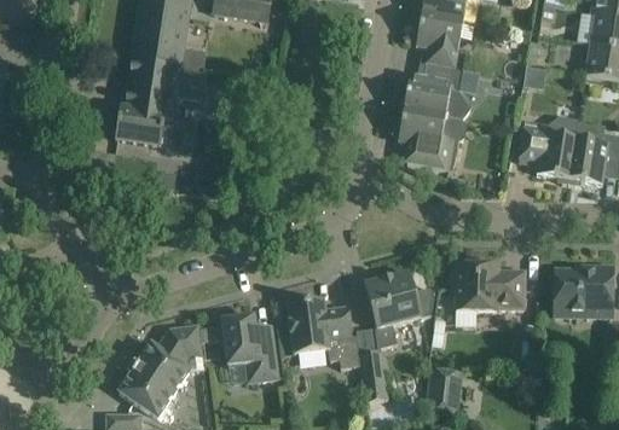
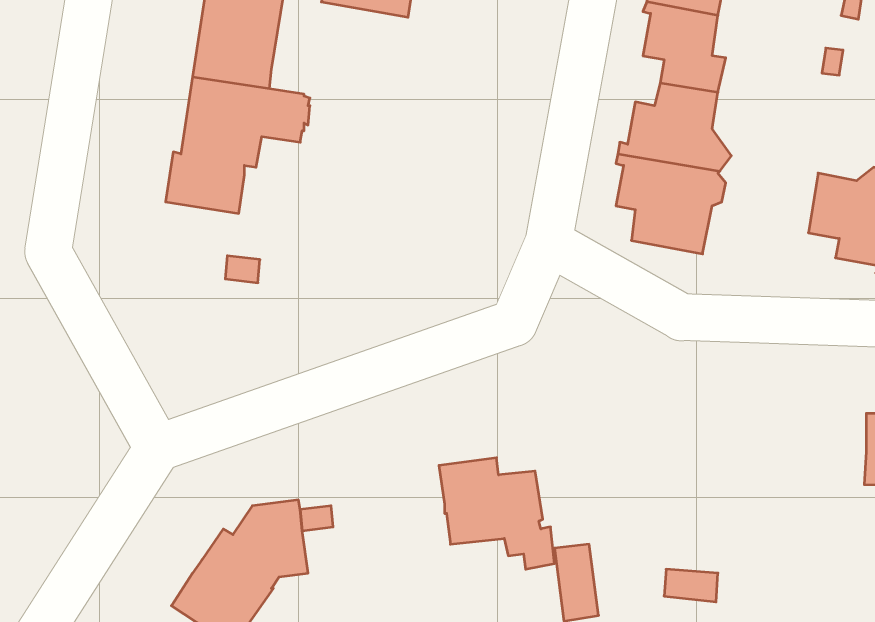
building: [451,263,525,310] -> none
building: [365,272,434,348] -> none
building: [221,316,277,380] -> none

